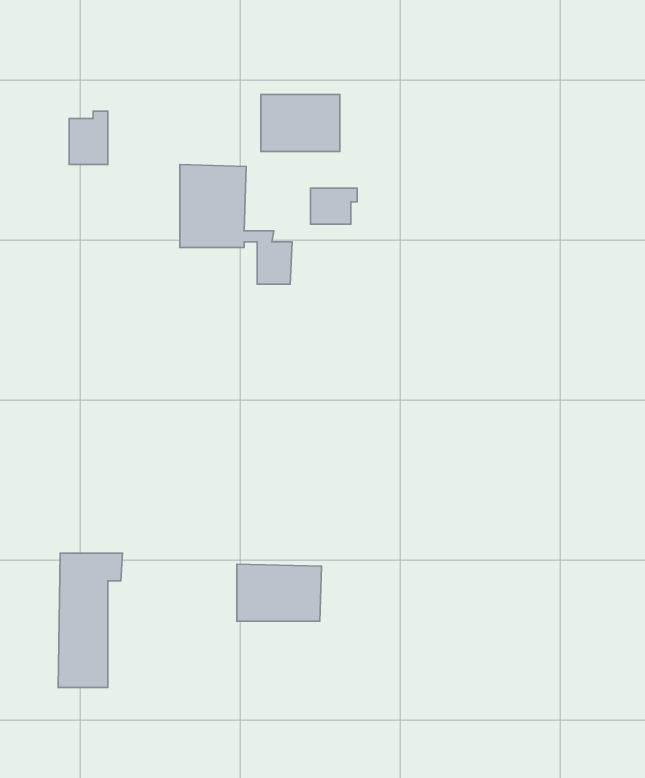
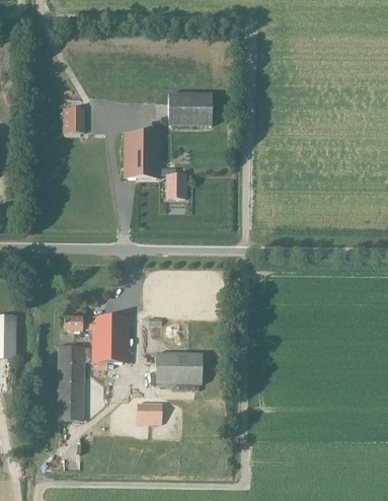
building: [310,188,357,224] -> none
building: none -> [65,315,130,361]
building: none -> [138,402,162,423]

